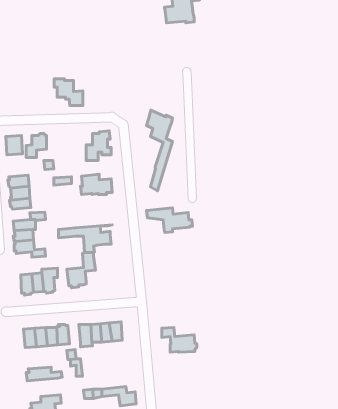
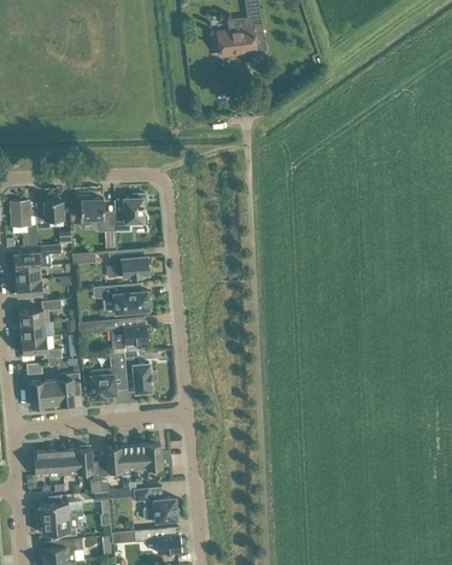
building: [54,79,83,105] -> [77,195,115,230]
building: [146,110,172,191] -> none
building: [147,208,193,233] -> [92,283,152,316]
building: none -> [124,357,151,393]
building: [162,327,197,352] -> [134,487,180,519]
building: none -> [37,516,78,536]

